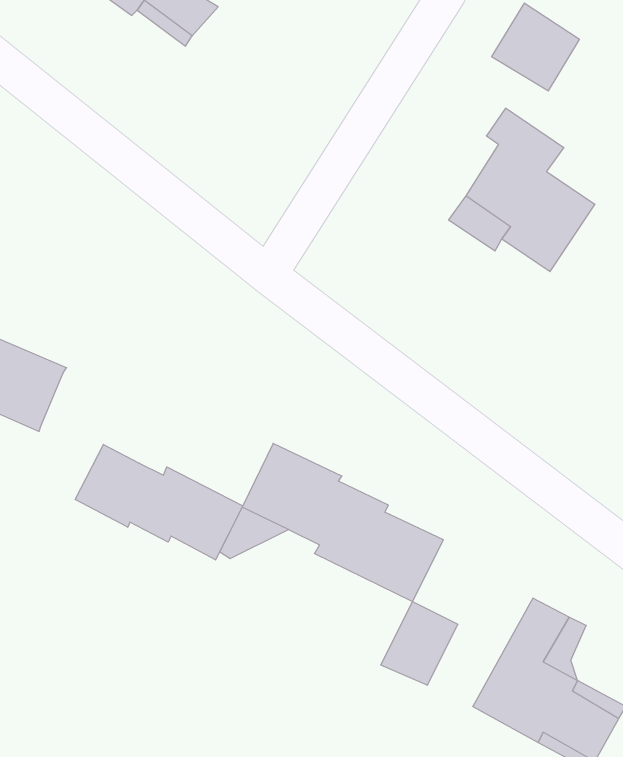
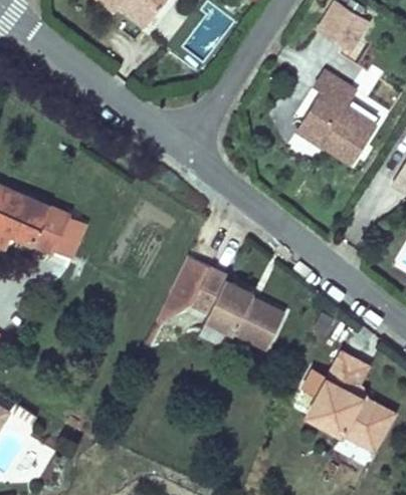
building: none -> [52,219,86,259]
building: [75,444,243,560] -> none
building: [381,602,458,685] -> none

